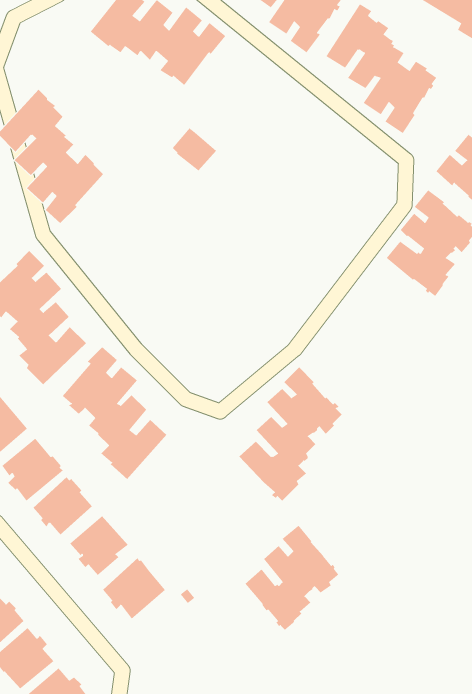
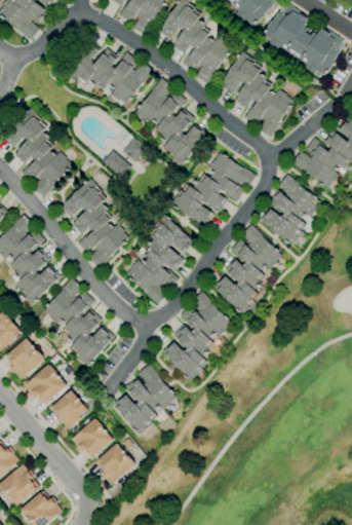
building: none -> [134,77,207,166]
building: none -> [103,150,131,178]
building: none -> [168,152,256,226]
building: none -> [61,178,128,268]
building: none -> [126,213,192,304]
building: none -> [212,224,281,313]
building: [245,525,339,630] -> [113,364,175,434]
building: none -> [93,443,134,484]

